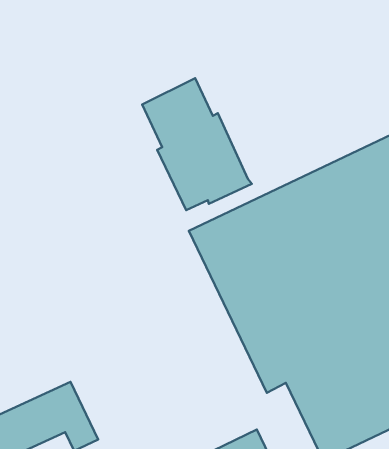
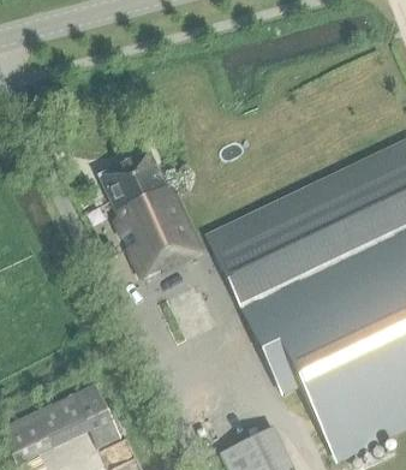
building: [142,78,252,210] -> [100,153,204,279]

